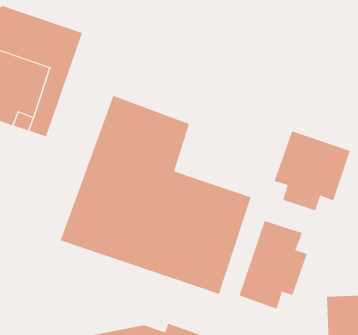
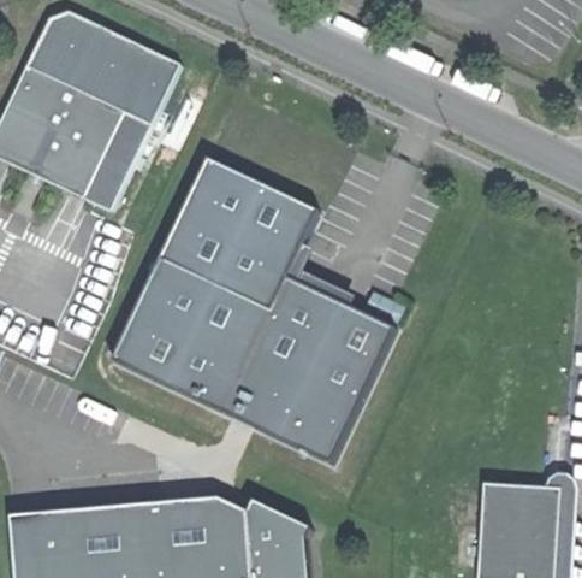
building: [274,131,350,211] -> none
building: [239,220,307,309] -> none

